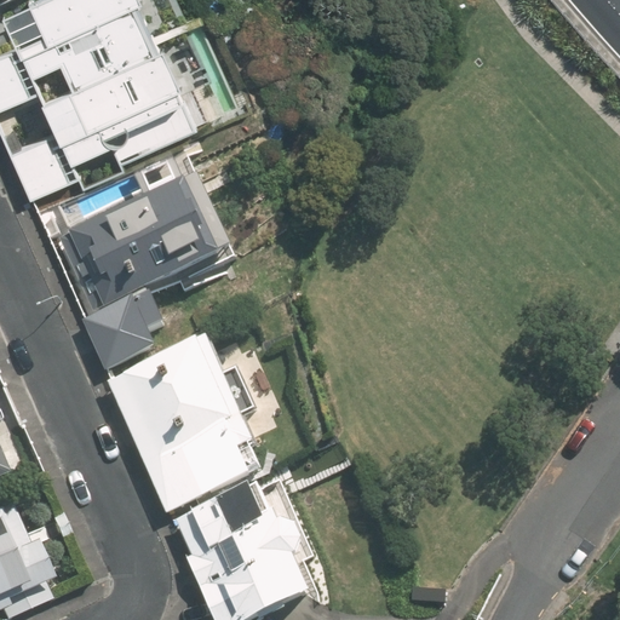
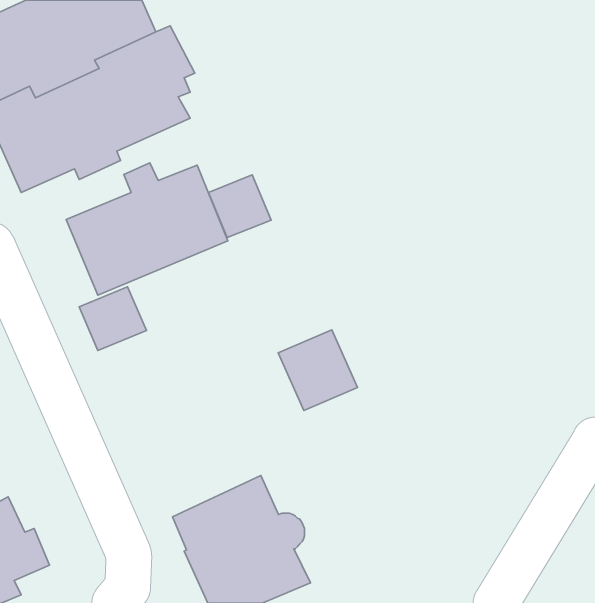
building: none -> [208,175,271,238]
building: none -> [278,330,358,410]
building: [107,341,259,517] -> none

